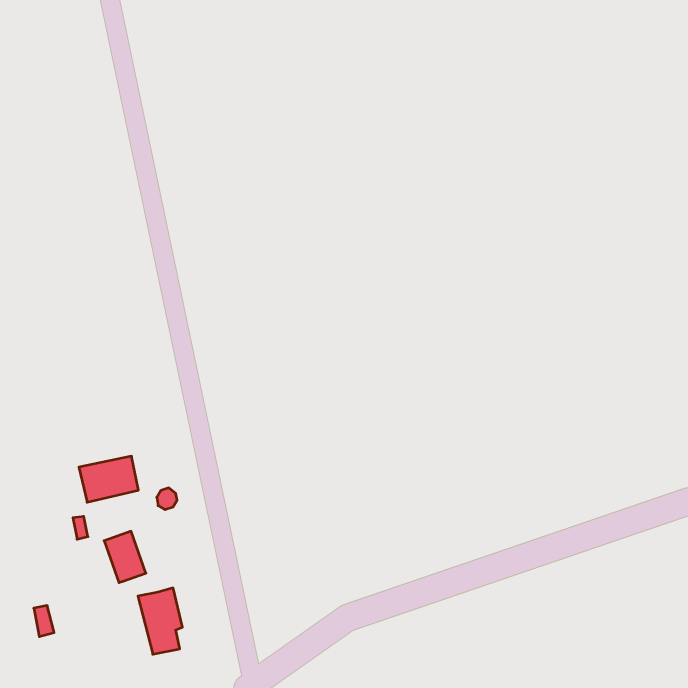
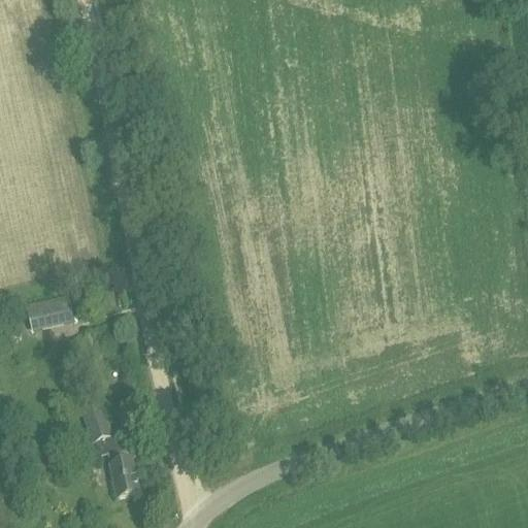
building: [79,456,138,502] -> [25,297,70,332]

